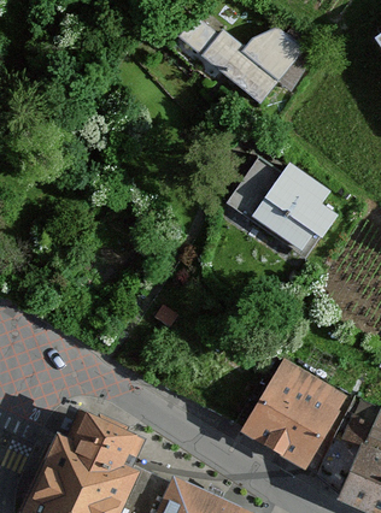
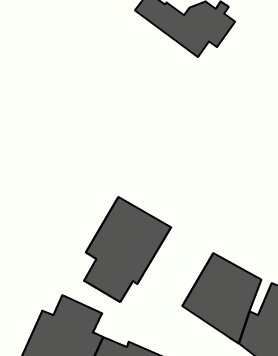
building: [230,157,336,250] -> none
building: none -> [84,197,171,302]

